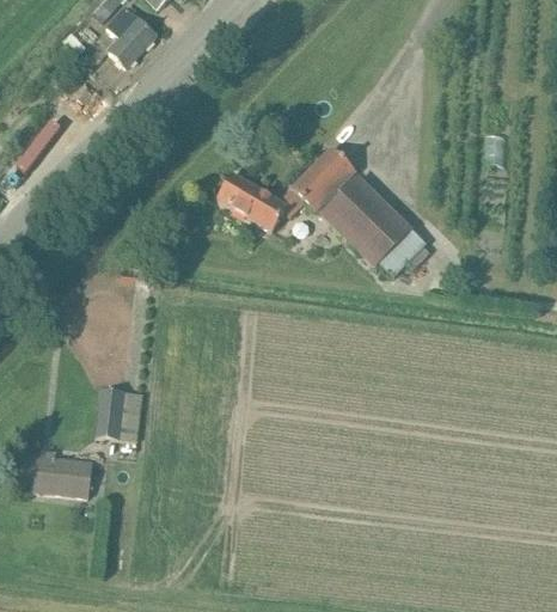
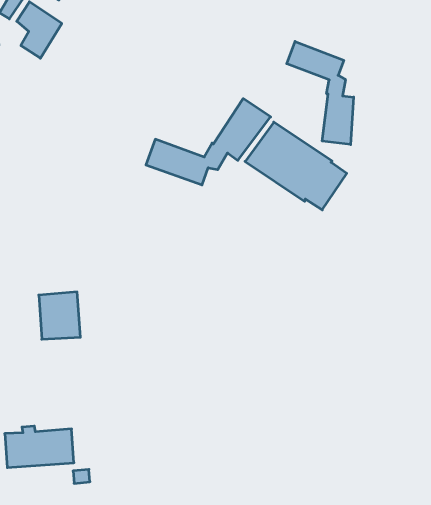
building: none -> [287,41,354,145]
building: [96,388,141,440] -> [39,292,80,339]

